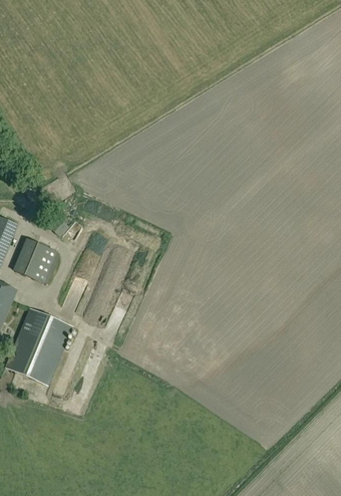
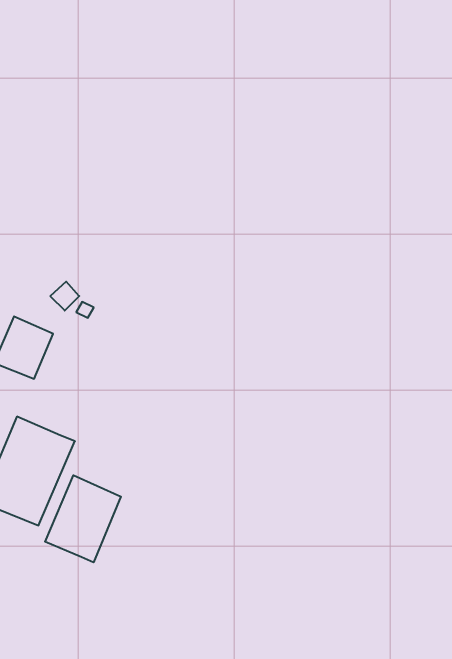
building: none -> [45,475,121,562]

